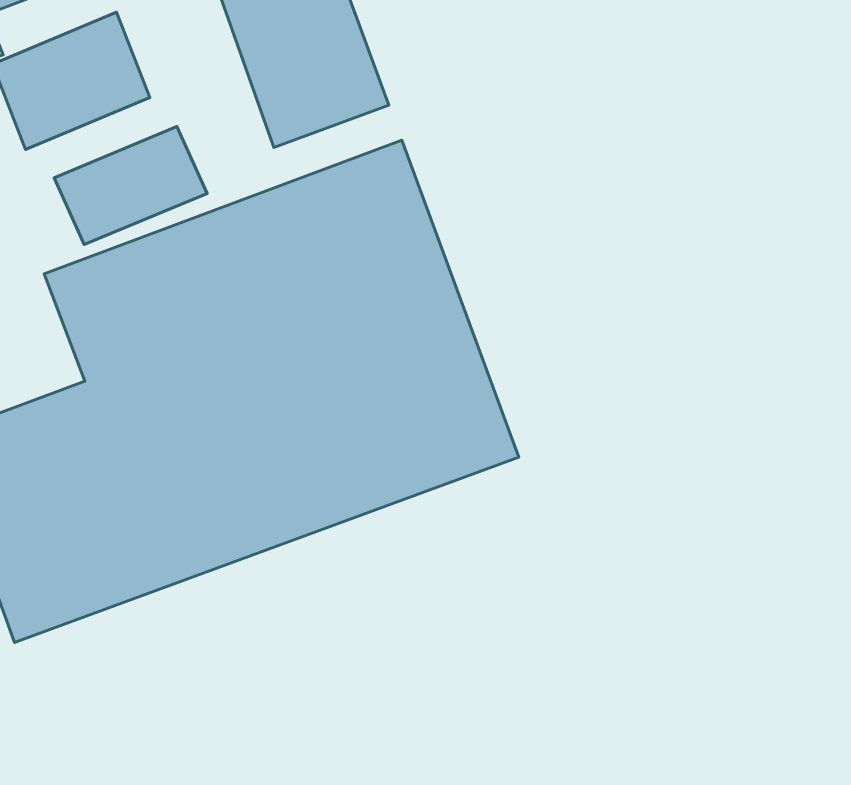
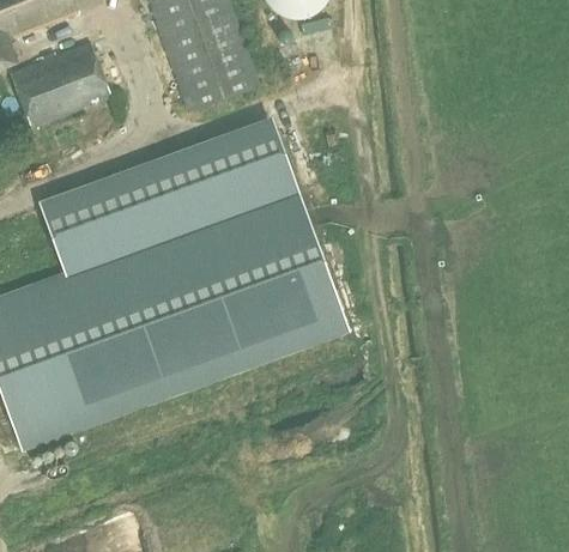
building: [54,127,207,245] -> none

